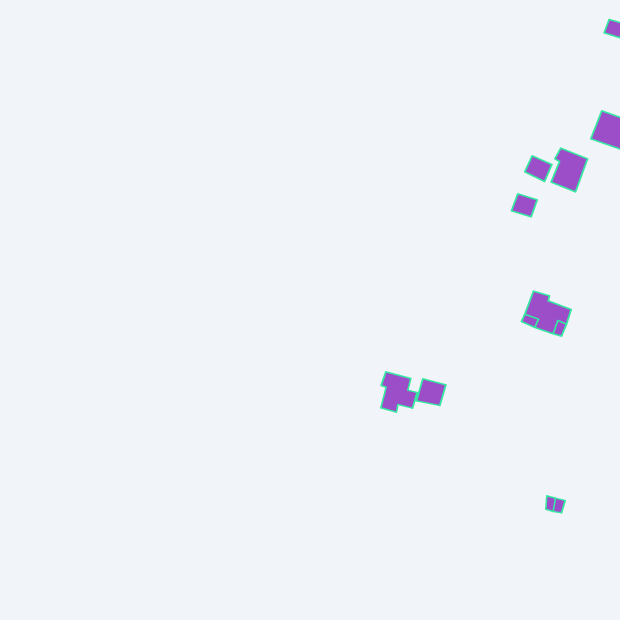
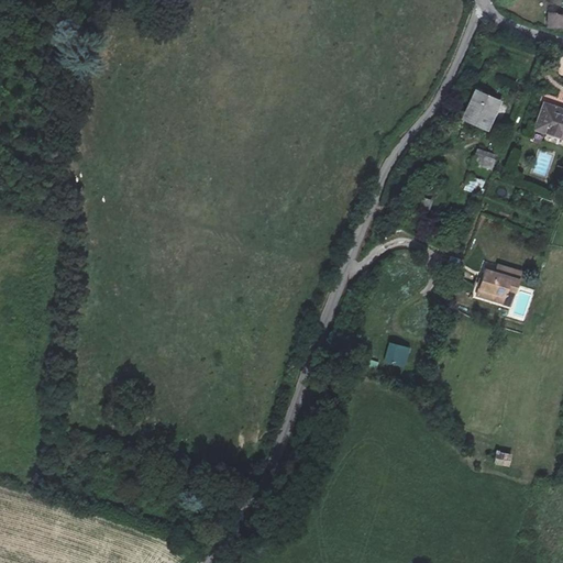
building: [551,148,588,192] -> [470,88,503,128]
building: [381,372,417,412] -> none

